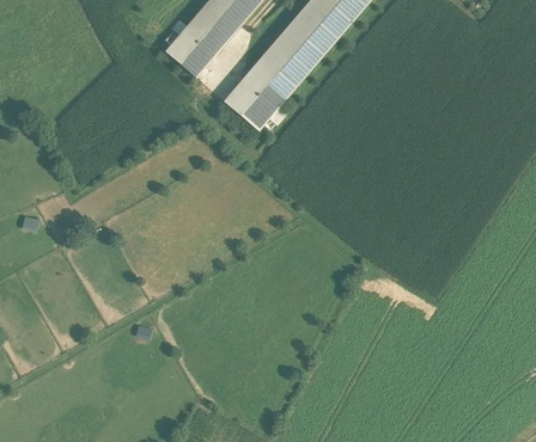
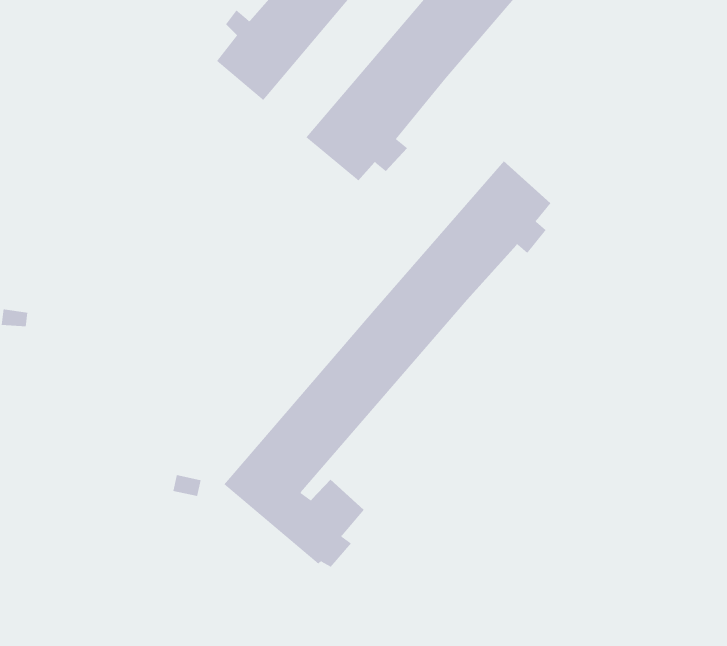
building: none -> [224,160,551,568]

